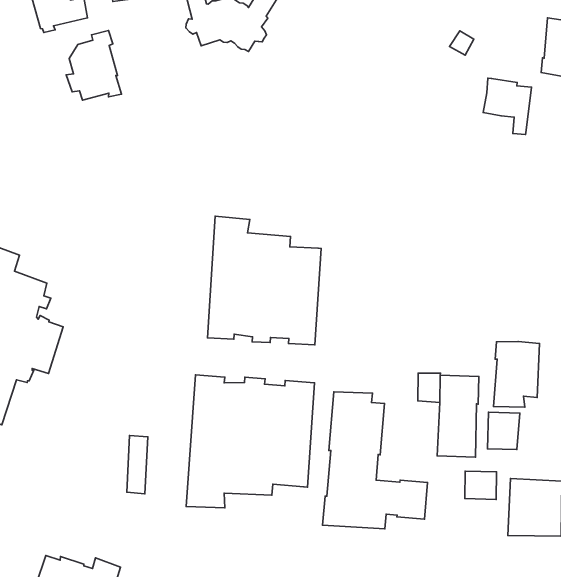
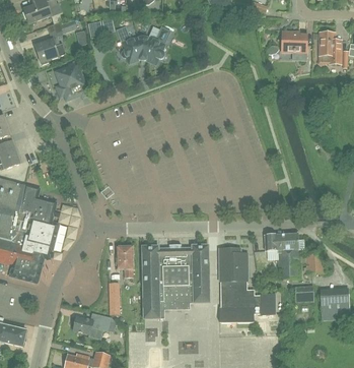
building: [483,78,531,135] -> [281,32,306,61]
building: [208,216,321,345] -> none
building: [493,342,540,407] -> none
building: none -> [116,246,132,278]
building: none -> [72,312,111,340]

